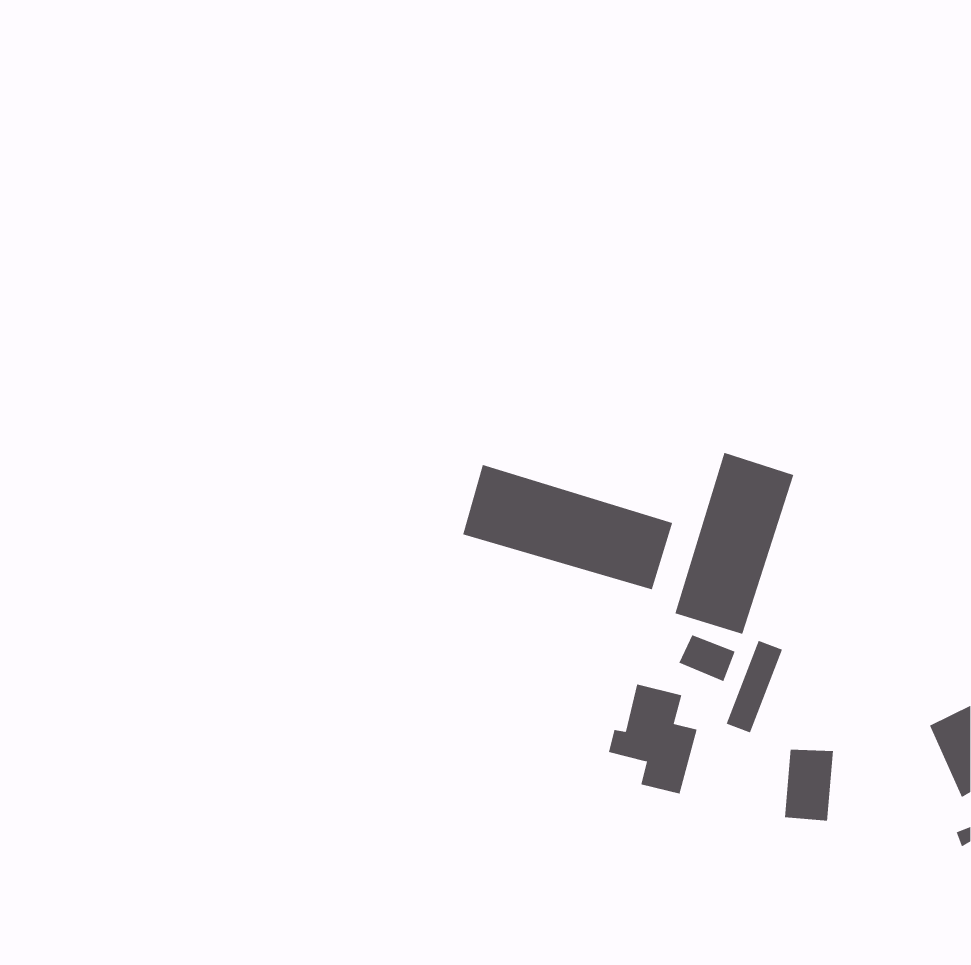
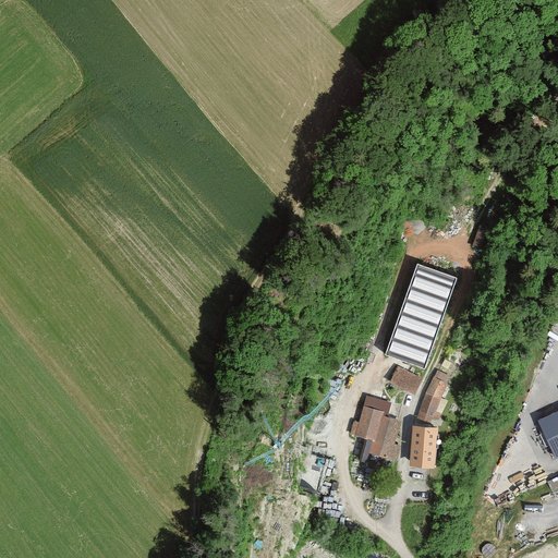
building: [463,464,673,590] -> none
building: [784,749,834,821] -> [410,426,438,468]

